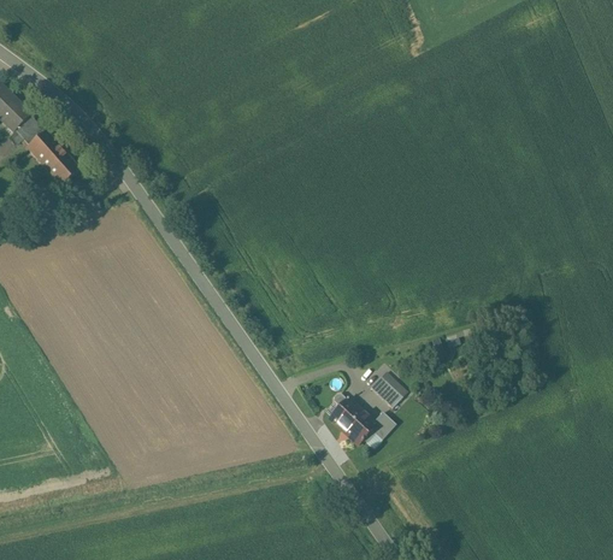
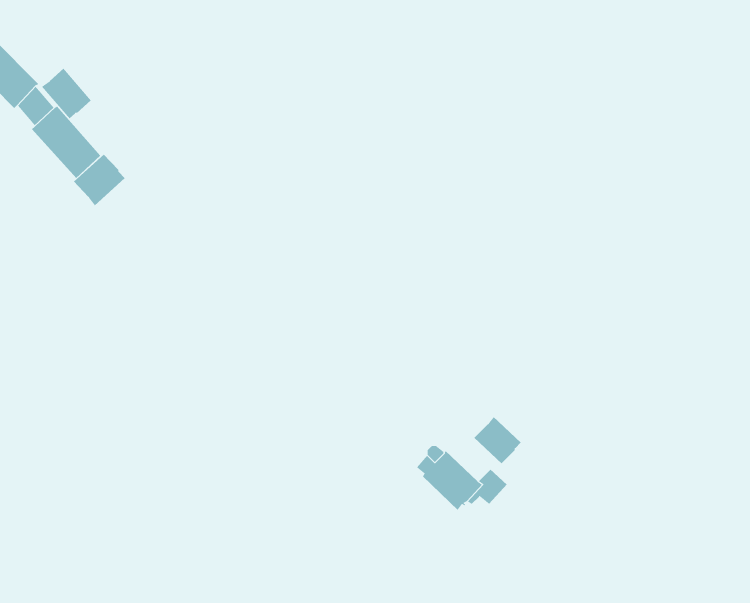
building: none -> [41,68,92,119]
building: none -> [73,154,126,206]

